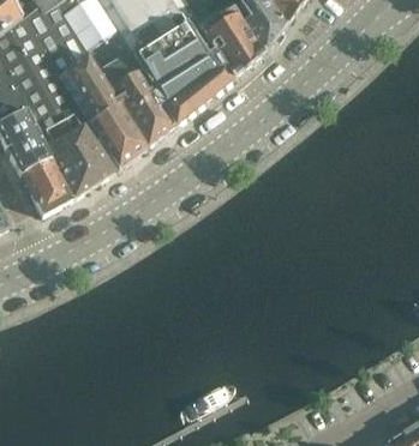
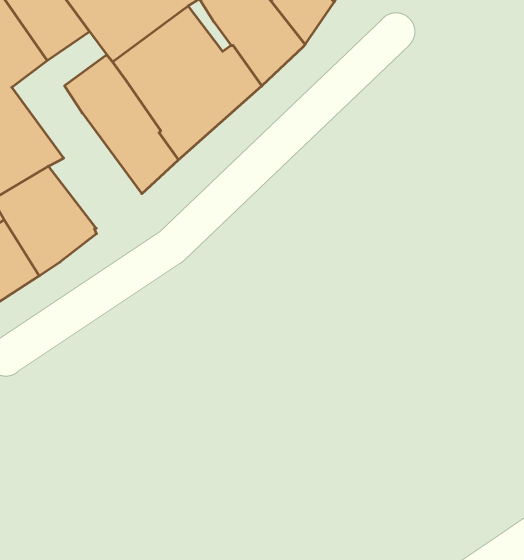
building: [62,54,146,171] -> none

